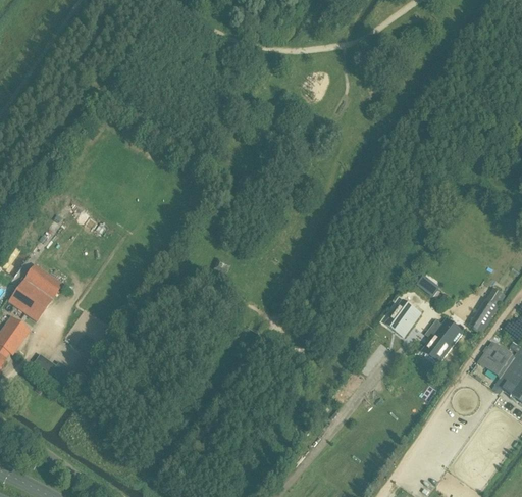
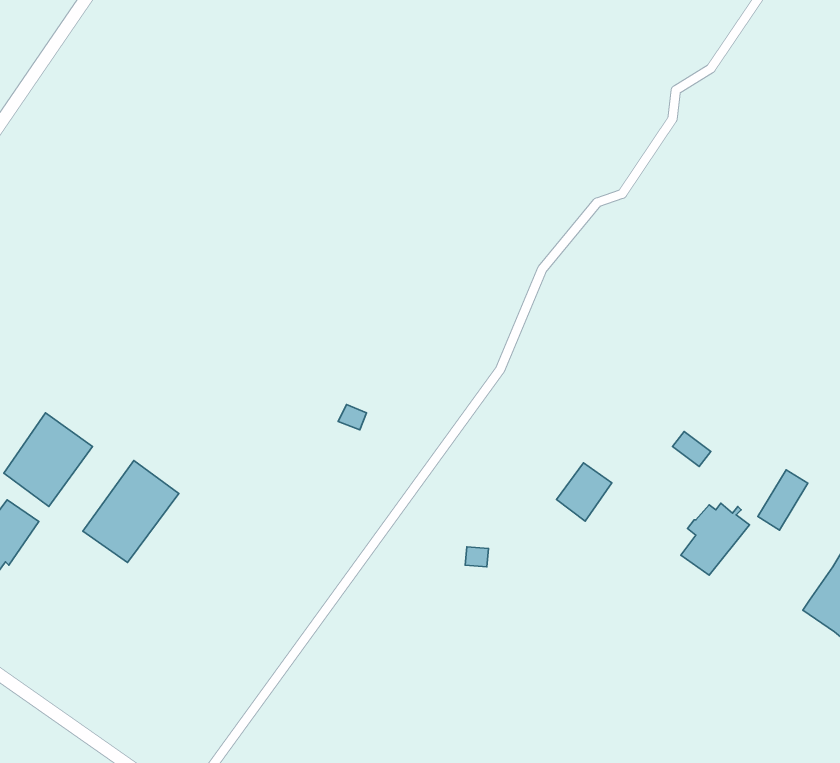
building: none -> [83,461,179,562]
building: [385,300,419,336] -> [557,463,612,521]
building: [478,341,514,378] -> none

